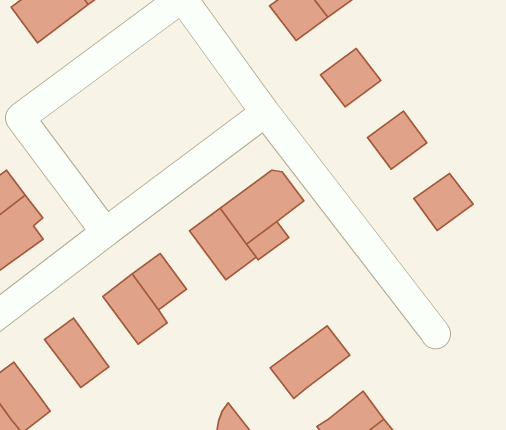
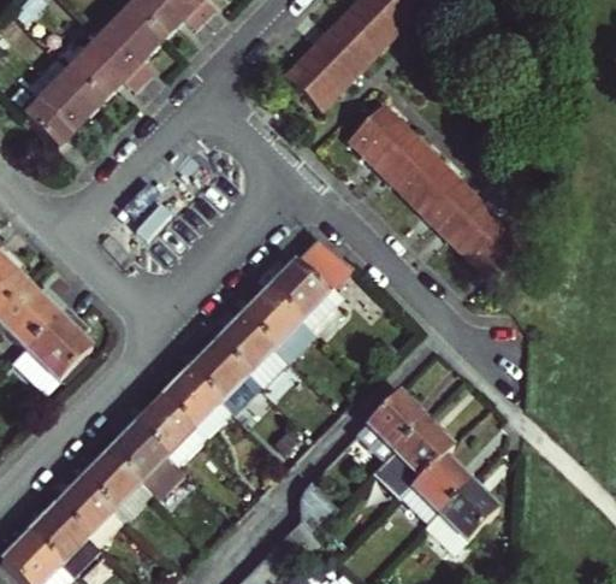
building: none -> [378,132,438,193]
building: none -> [434,189,494,248]
building: none -> [212,315,283,388]
building: none -> [134,396,203,467]
building: none -> [79,449,152,521]
building: none -> [381,418,449,486]

